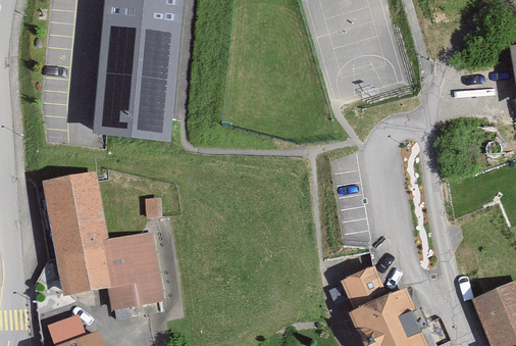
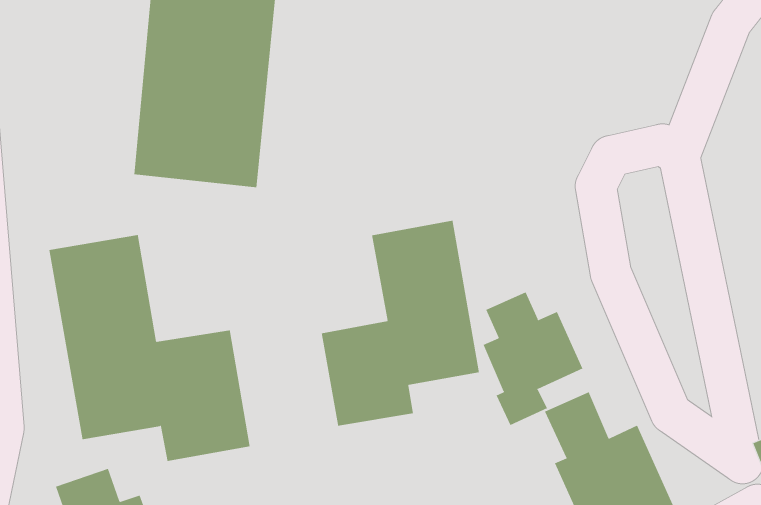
building: none -> [321,220,480,427]
building: none -> [483,291,583,426]

